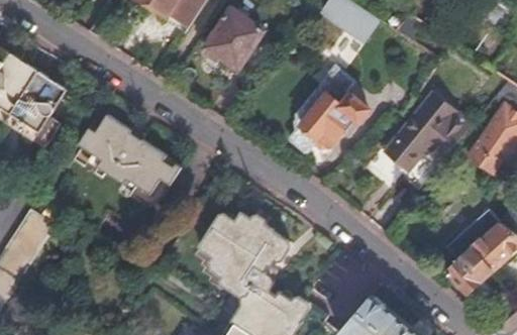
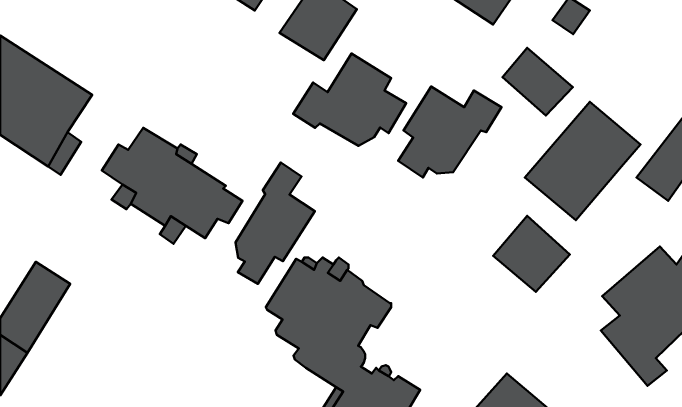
building: none -> [503,48,573,116]
building: none -> [293,54,406,146]
building: none -> [236,162,315,284]
building: none -> [493,216,570,292]

